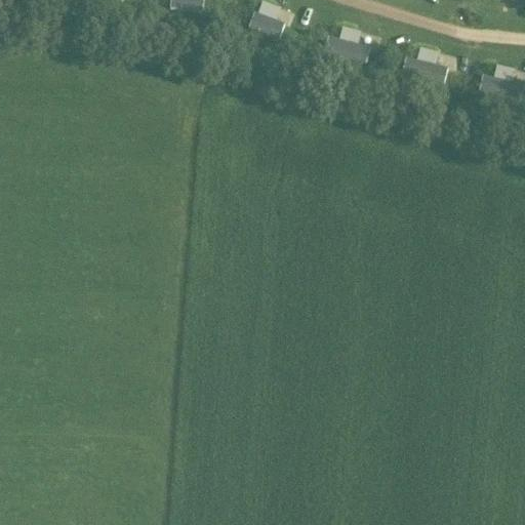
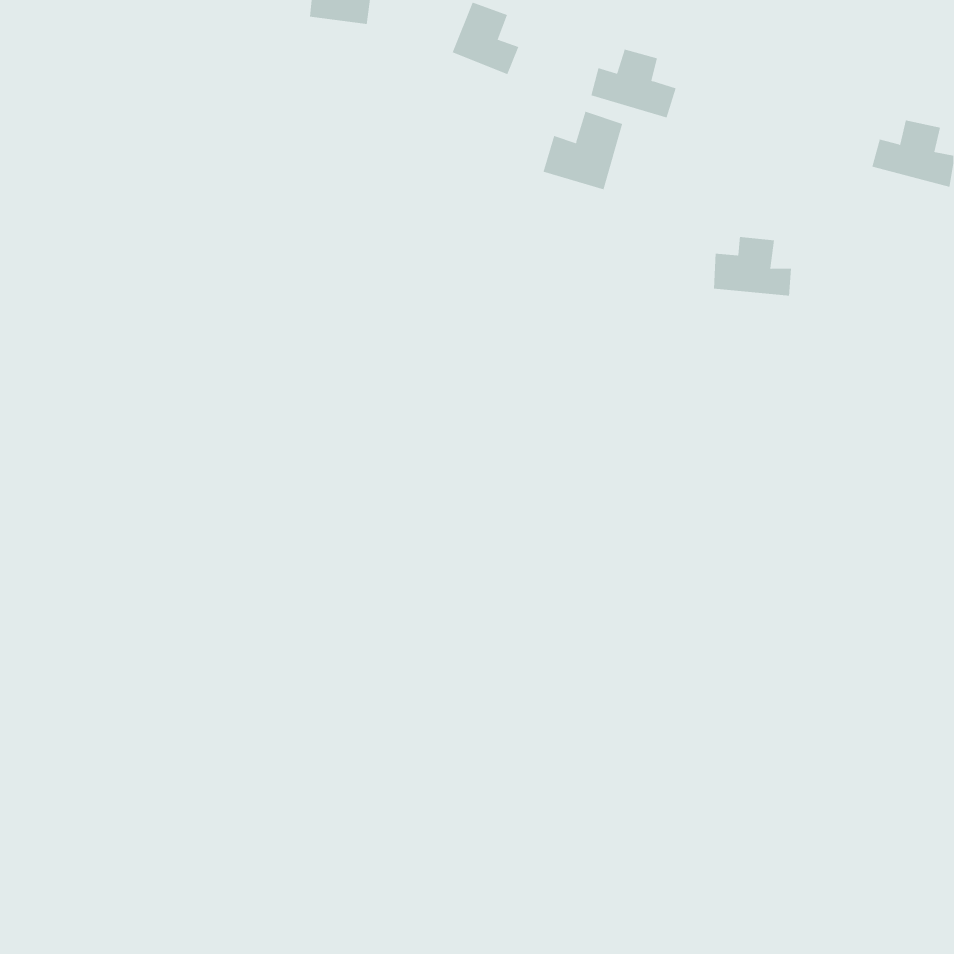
building: [403,49,446,82] -> [713,236,792,296]
building: none -> [543,111,623,190]

